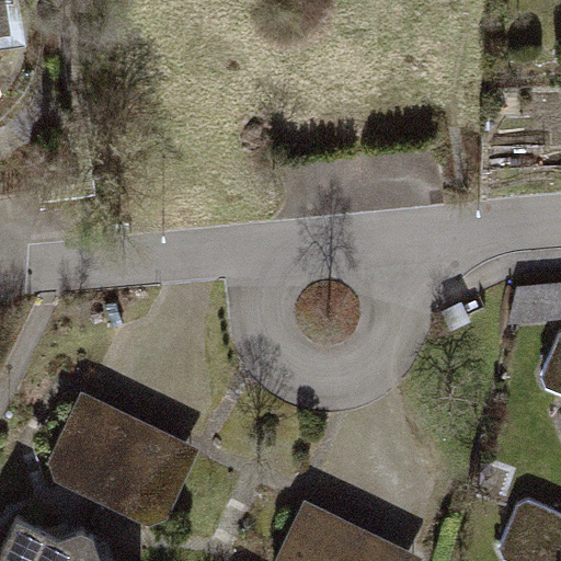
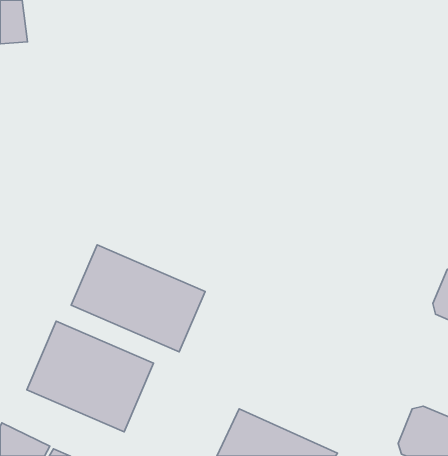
building: none -> [71,245,205,352]

